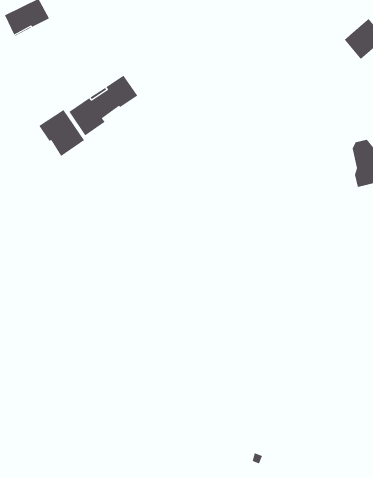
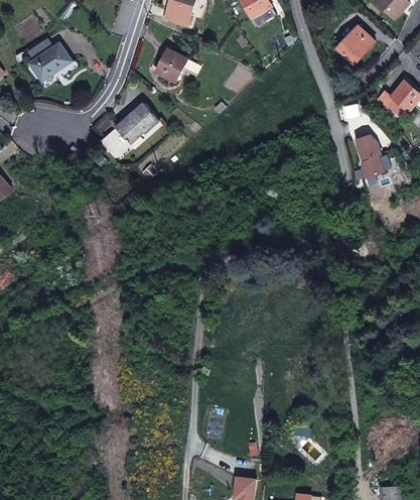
building: none -> [155,47,186,81]
building: [38,109,85,157] -> none

